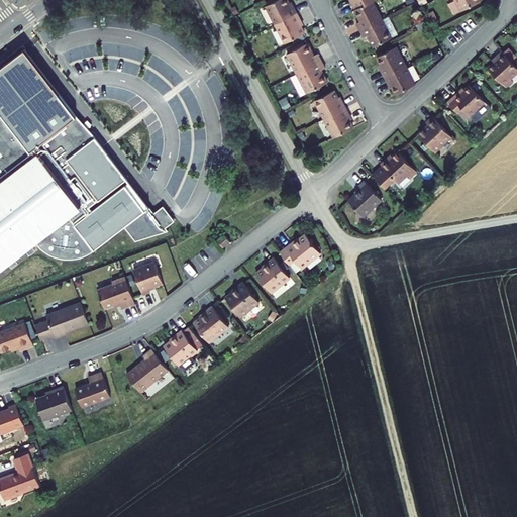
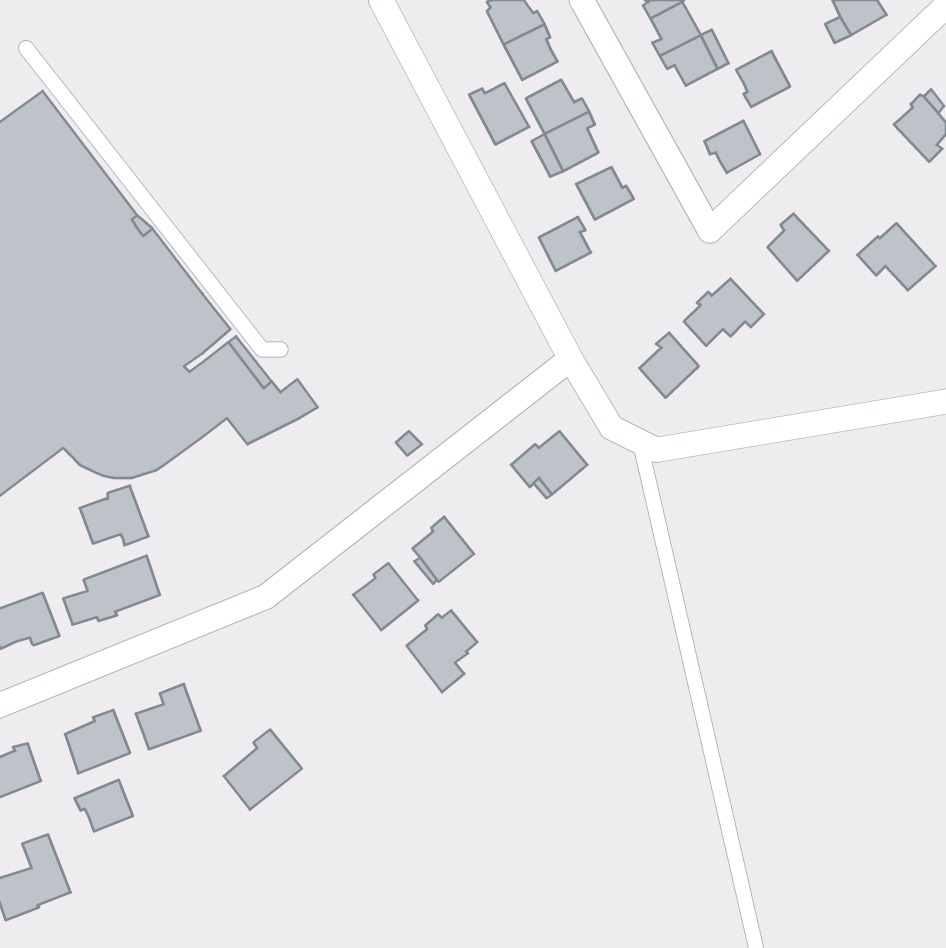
building: none -> [469,83,529,145]
building: [375,47,404,78] -> [736,51,790,107]
building: [446,86,489,122] -> [857,223,936,290]
building: [323,109,351,138] -> [539,217,591,271]
building: [254,257,288,293] -> none
building: [132,263,162,295] -> none
building: [96,278,133,310] -> [80,486,149,545]
building: [163,328,201,373] -> [407,610,477,692]
building: [125,349,168,393] -> [224,730,302,810]
building: none -> [75,780,133,831]

